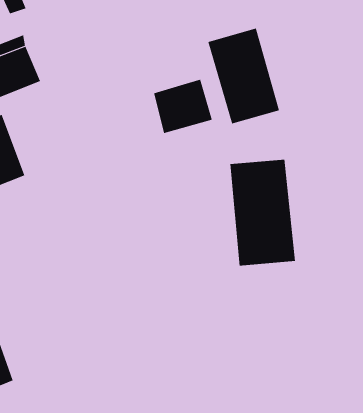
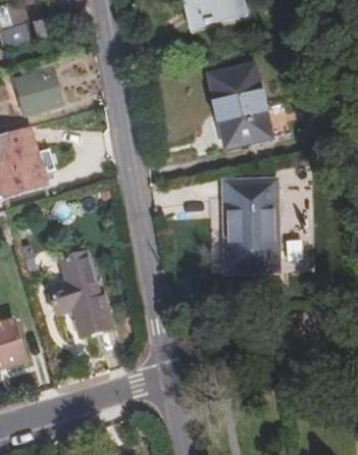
building: [154,79,213,134] -> none
building: none -> [47,252,110,335]

